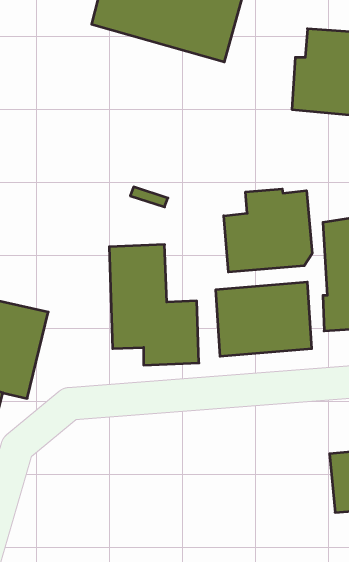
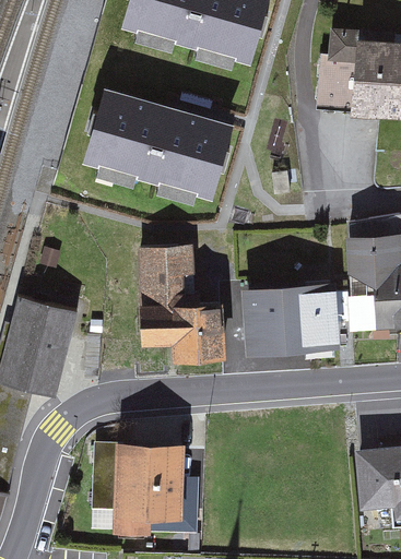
building: none -> [82,86,233,198]
building: [224,189,312,272] -> none
building: none -> [92,442,184,533]

